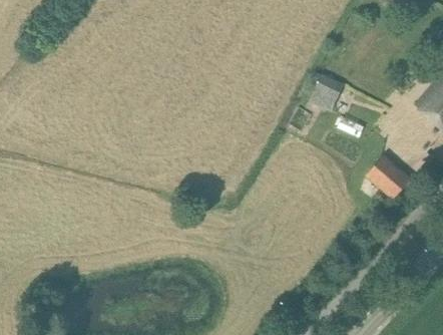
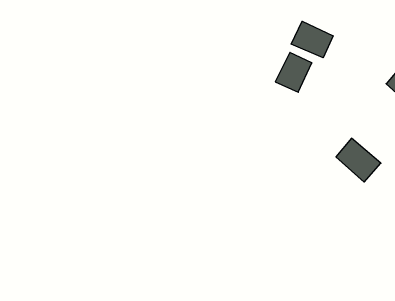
building: none -> [291,21,333,58]

